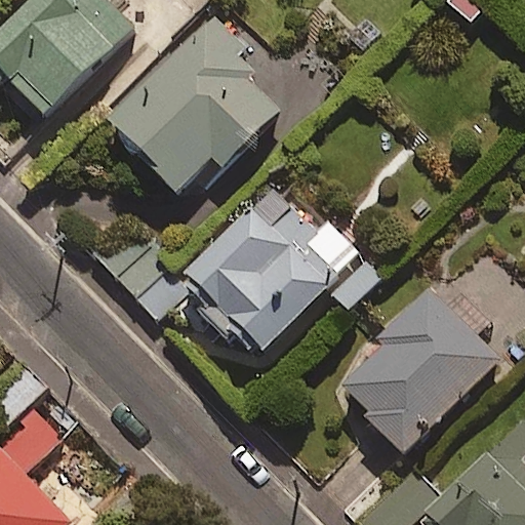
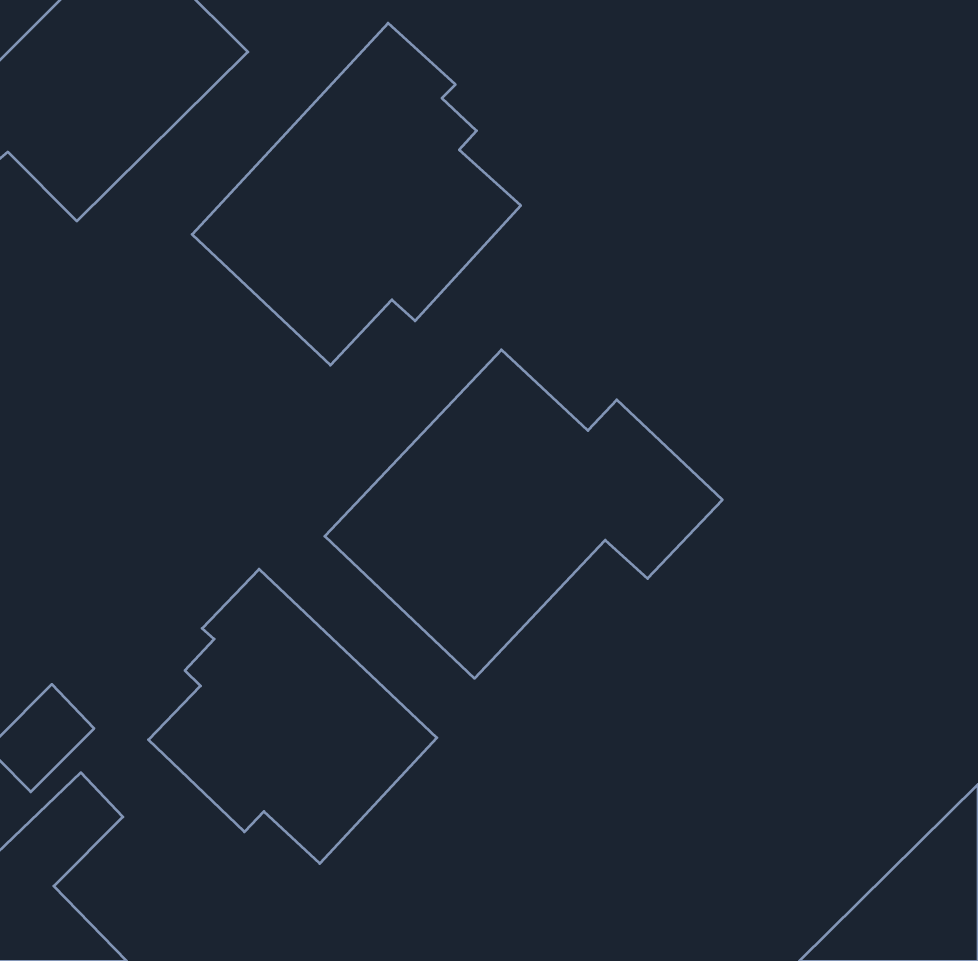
building: [338,285,498,455] -> none
building: none -> [148,569,437,864]

